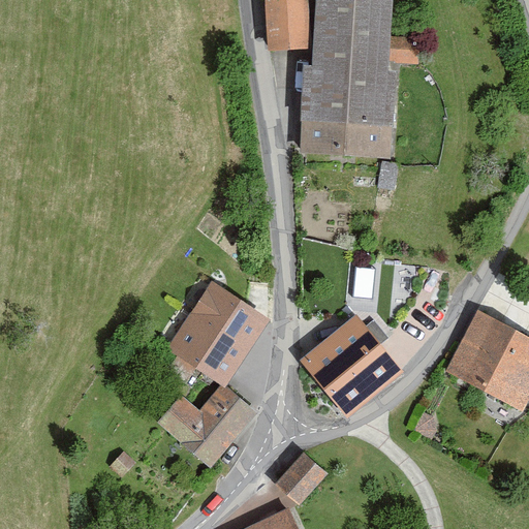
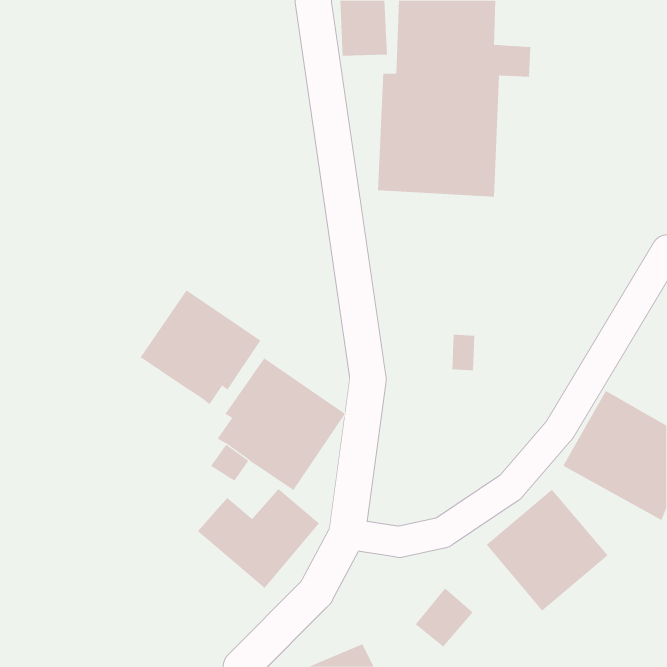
building: none -> [140,290,261,405]
building: [301,315,398,412] -> [486,489,608,611]
building: [278,454,324,501] -> [415,588,474,648]

